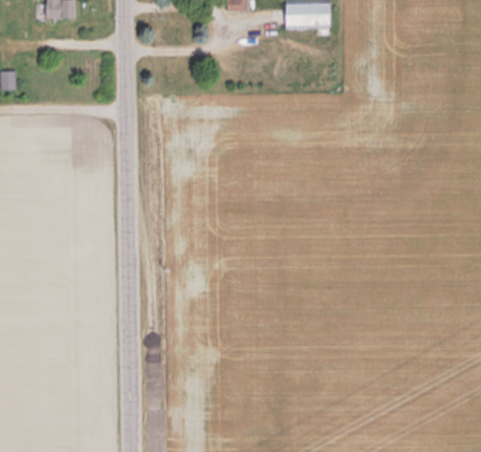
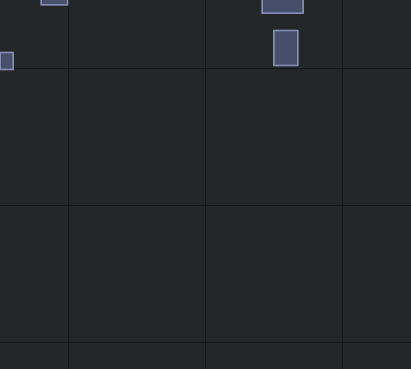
building: none -> [274,30,298,66]

